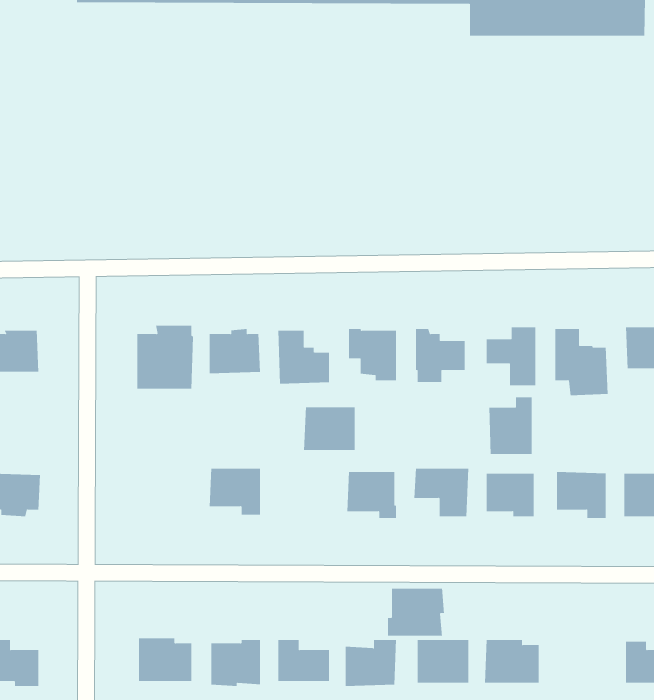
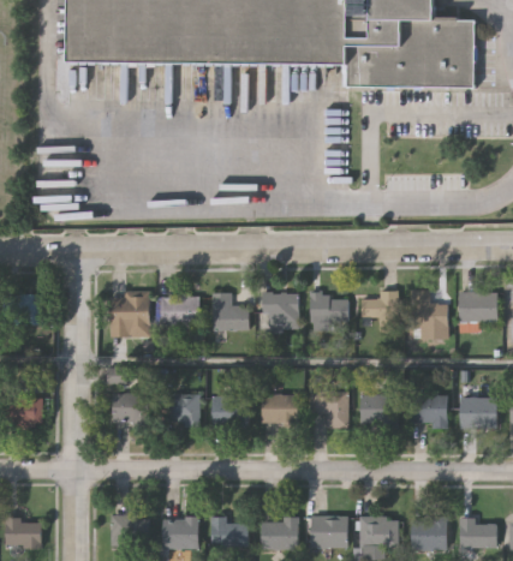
building: [489,396,532,455] -> none
building: [303,407,355,451] -> [211,396,249,428]
building: none -> [112,393,150,426]
building: [387,588,445,637] -> none
building: none -> [412,515,448,549]

